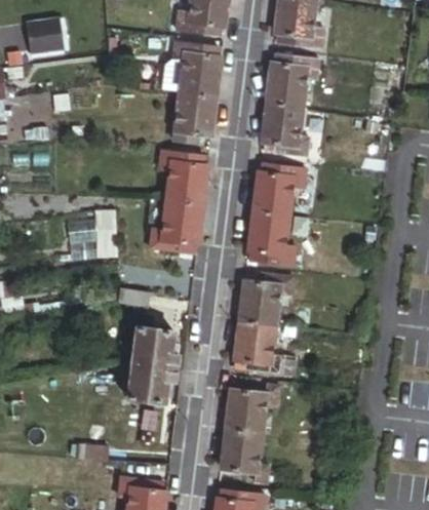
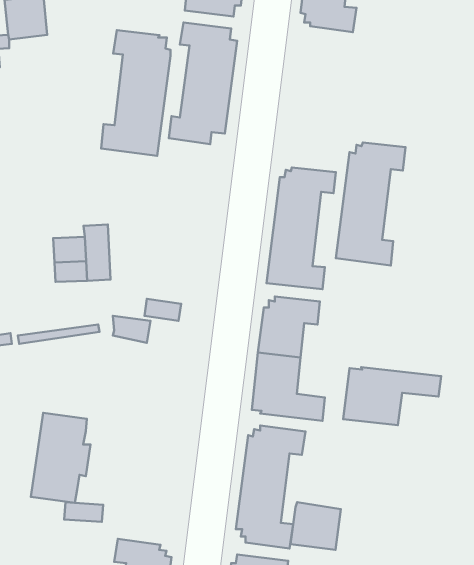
building: [260,53,318,157] -> [336,142,405,265]
building: [149,148,207,253] -> [101,30,170,156]
building: [127,326,178,402] -> [31,413,91,503]
building: none -> [343,367,441,425]
building: none -> [290,502,341,550]

